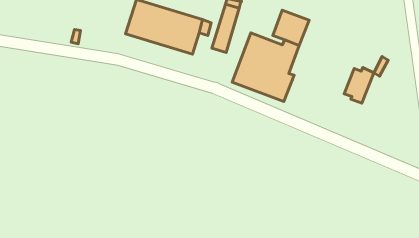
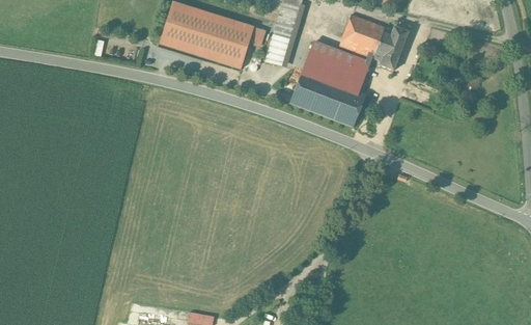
building: [344,68,374,103] -> [372,26,409,70]

